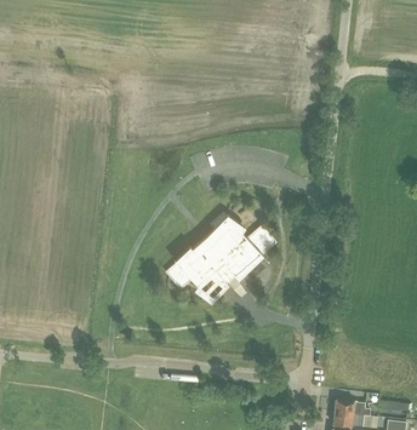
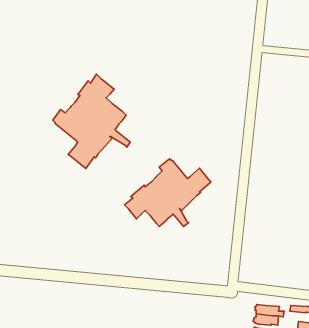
building: none -> [53,74,130,168]

